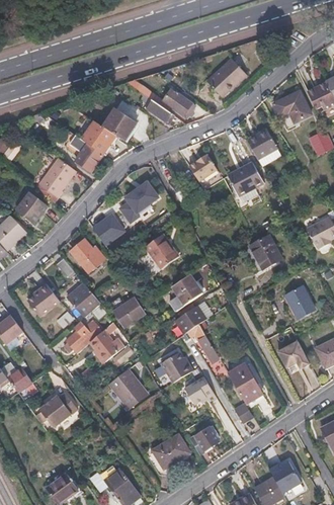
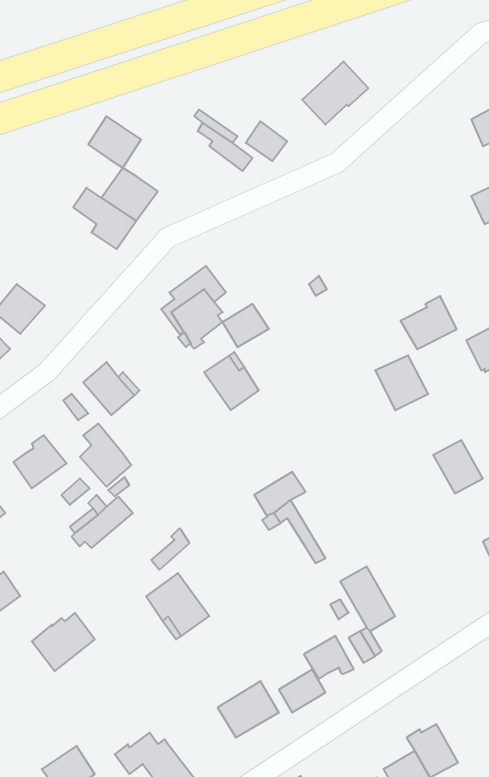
building: [272,91,311,123] -> none
building: [103,109,136,141] -> [88,116,141,168]
building: [247,130,277,160] -> none
building: [189,155,218,181] -> [223,304,269,347]
building: [39,158,76,197] -> none
building: [229,164,263,196] -> [400,296,457,349]
building: [93,214,123,245] -> none
building: [169,274,202,311] -> none
building: [114,299,145,327] -> none
building: [89,324,122,362] -> none
building: [278,342,310,370] -> none
building: [164,352,195,382] -> none
building: [186,377,217,404] -> [304,636,354,679]

